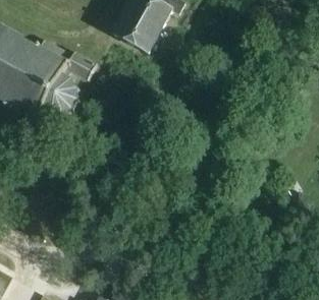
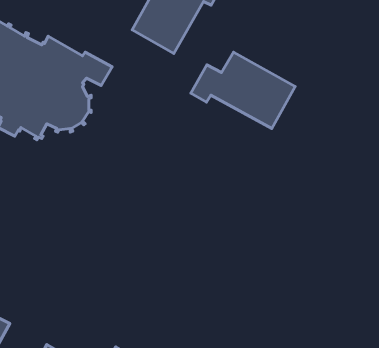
building: none -> [191,52,295,128]

